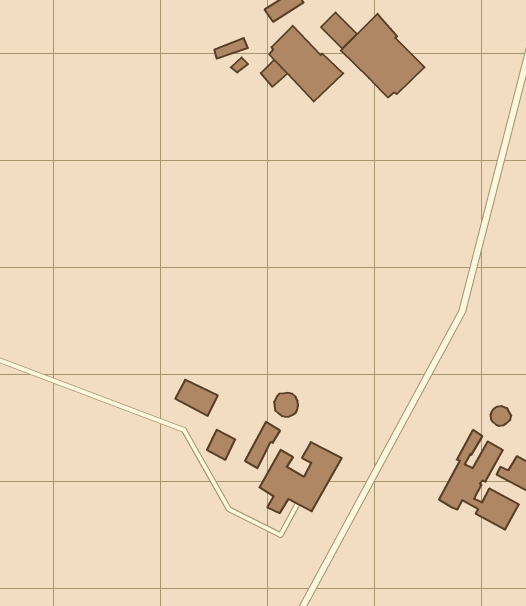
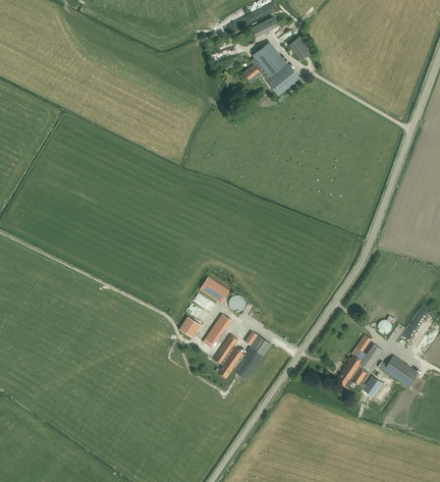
building: [341,14,425,97] -> none
building: [175,380,218,416] -> [200,277,229,304]

